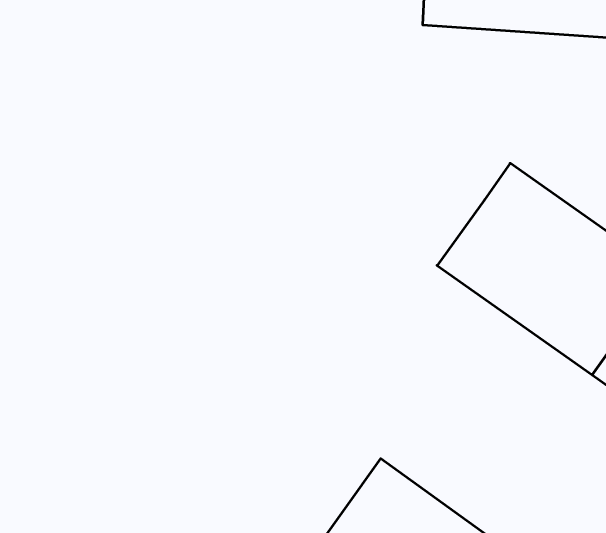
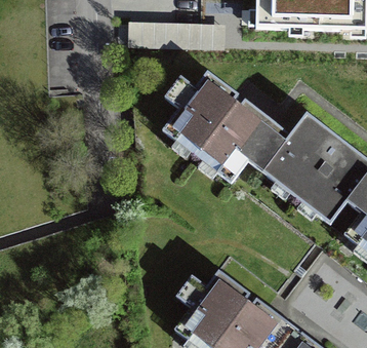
building: none -> [171,79,277,169]

